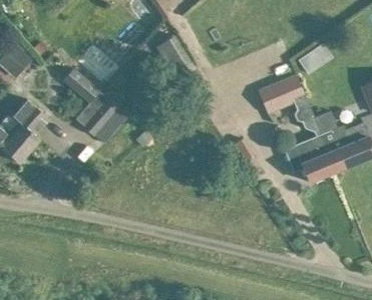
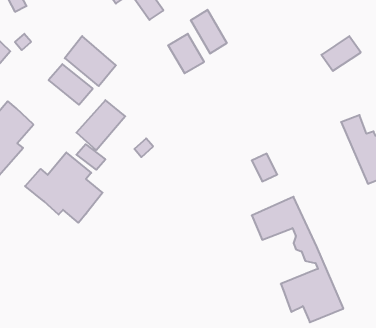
building: none -> [191,10,227,54]
building: [259,74,338,183] -> [252,197,343,322]
building: none -> [25,152,103,223]

